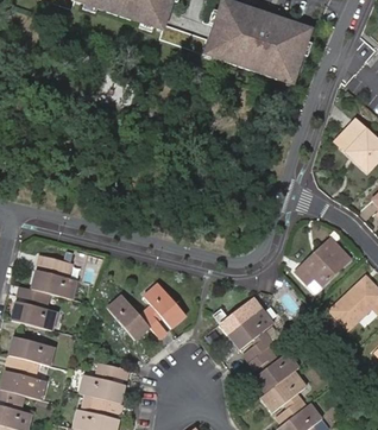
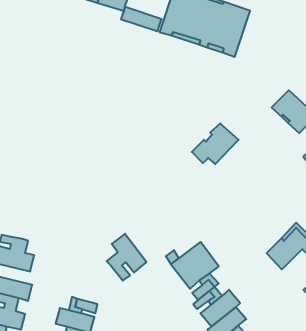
building: [294,239,348,286] -> [192,123,239,164]
building: [31,258,77,301] -> none
building: [111,298,152,342] -> none

